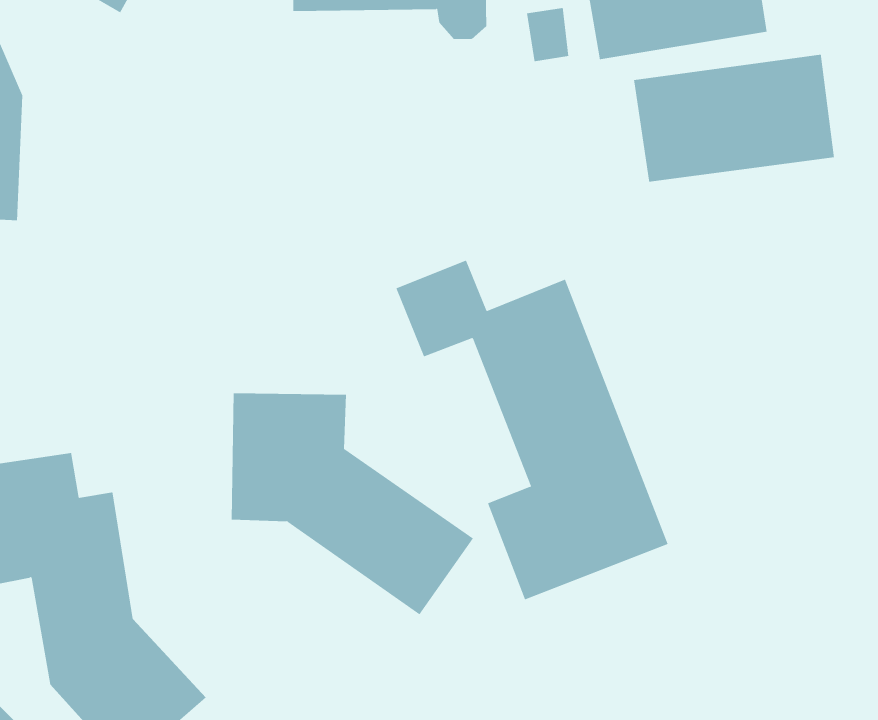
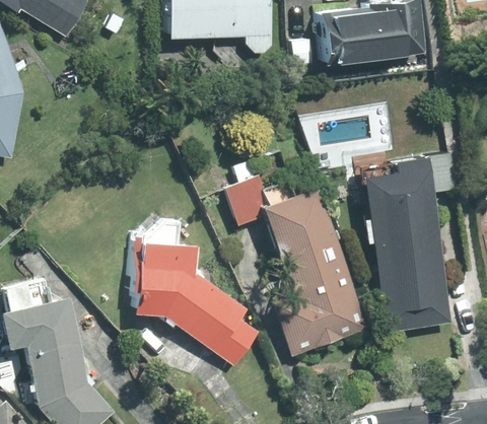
building: [634,54,834,182] -> none
building: none -> [359,151,461,332]

